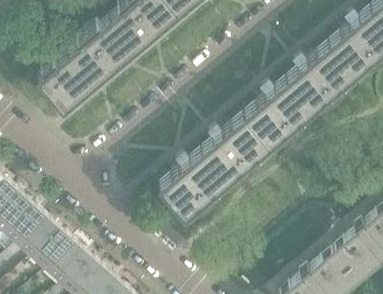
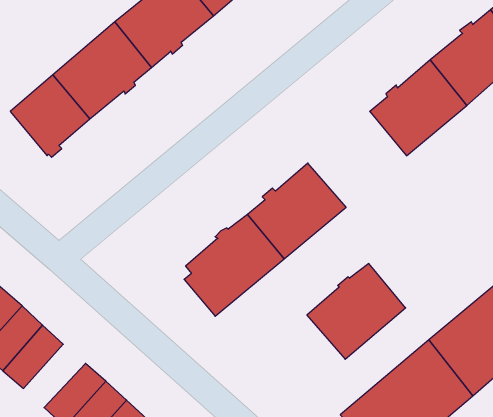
building: [241,78,309,144] -> [307,264,406,359]
building: [44,239,87,283] -> none

